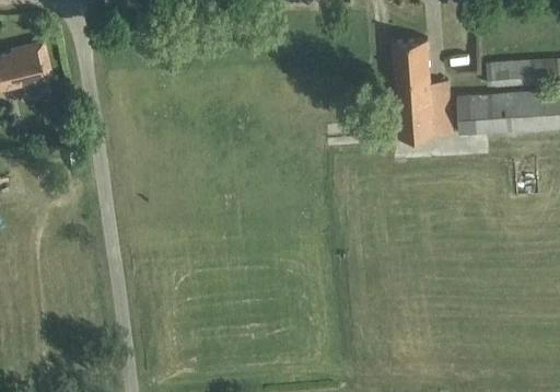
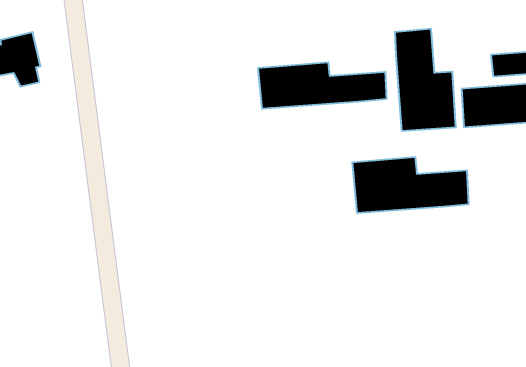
building: none -> [258,62,386,109]
building: none -> [353,157,468,213]

